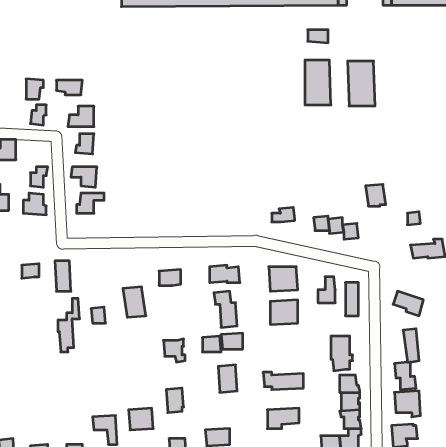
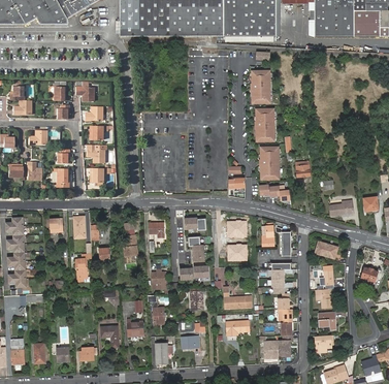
building: [348,61,375,106] -> [255,109,274,141]
building: none -> [260,147,279,179]

